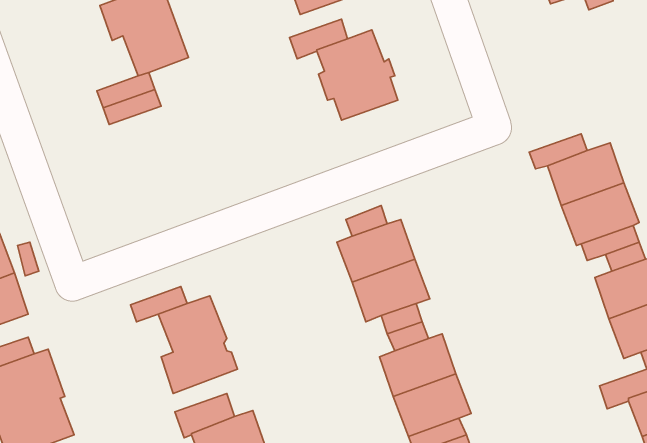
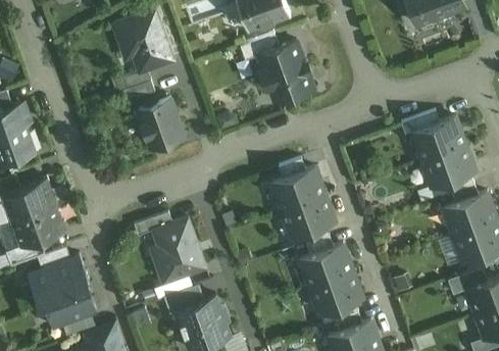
building: none -> [137,101,185,150]

